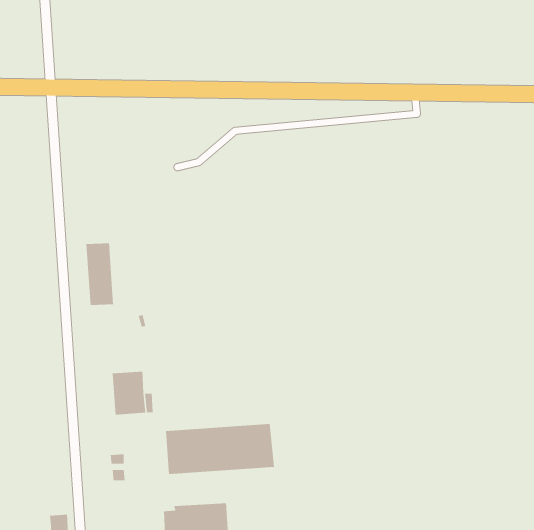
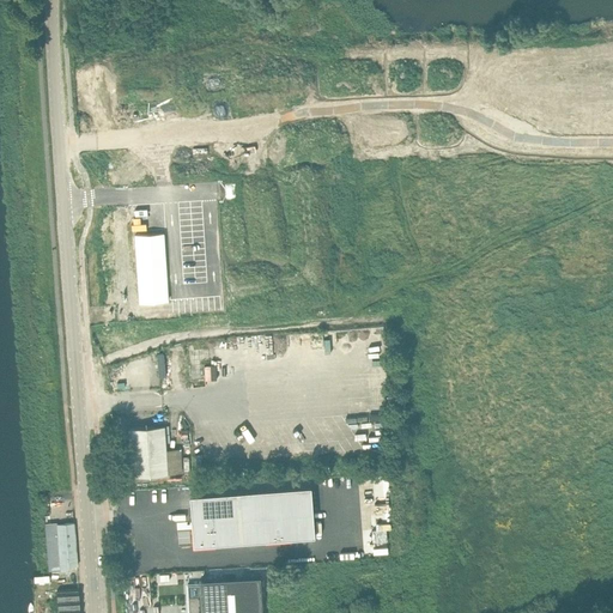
building: [86,243,114,306] -> [135,238,168,310]
building: none -> [44,527,77,575]

